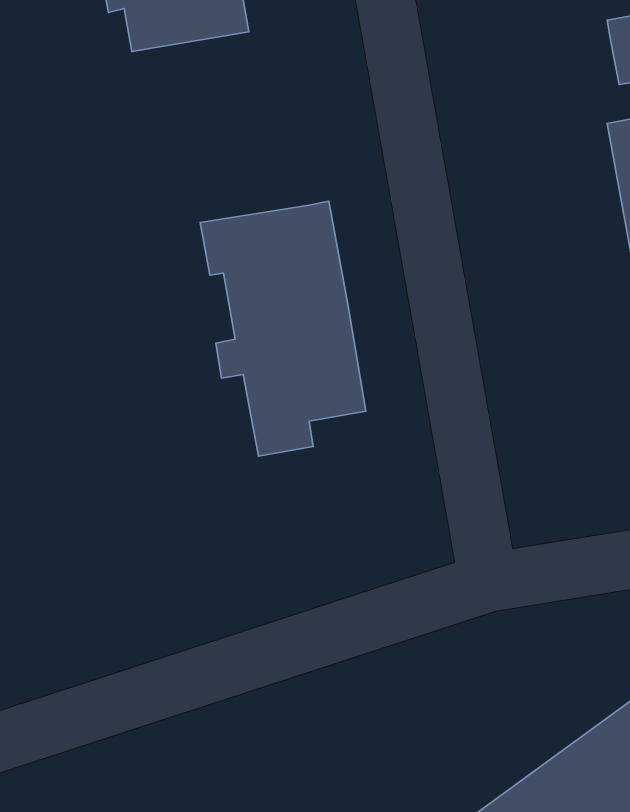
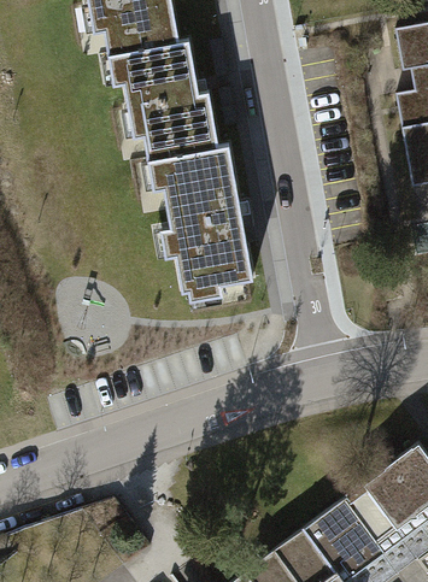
building: none -> [104,39,213,158]

